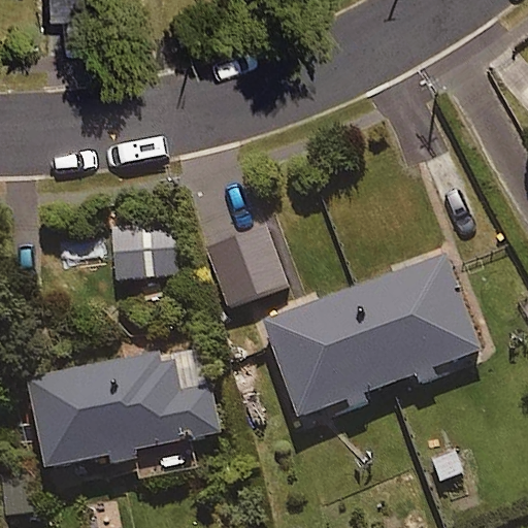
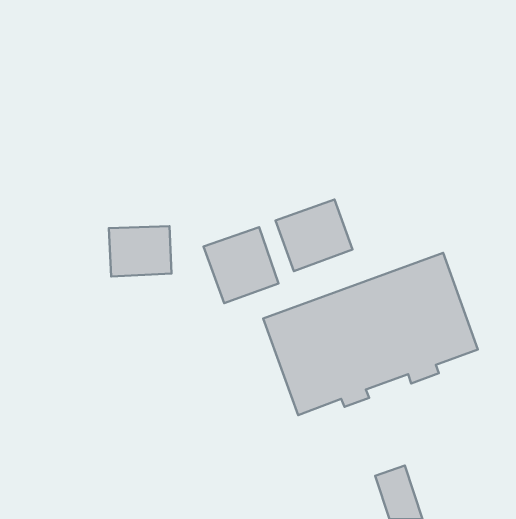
building: none -> [275,200,352,271]
building: [28,340,219,471] -> none

